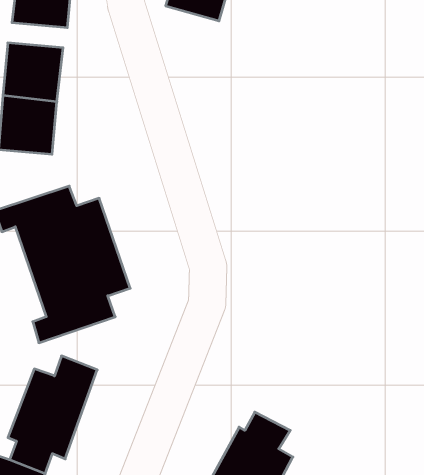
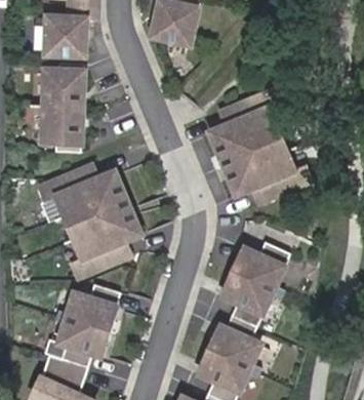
building: none -> [209,91,308,202]
building: none -> [223,241,289,326]

